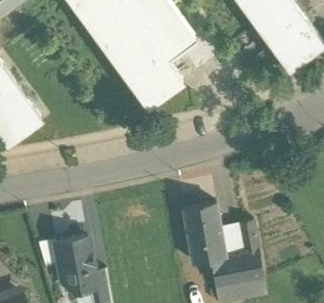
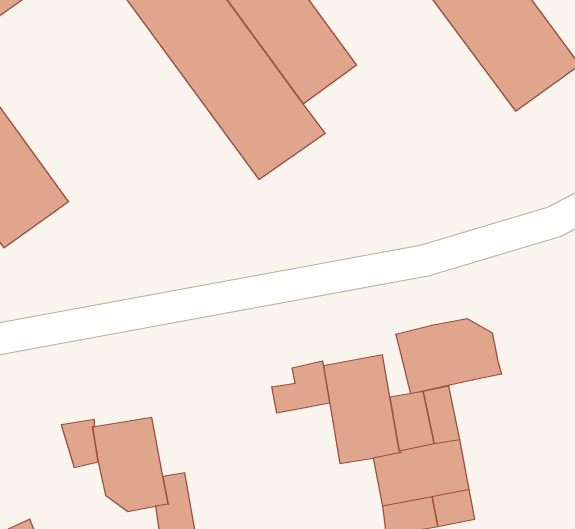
building: none -> [396,319,501,394]
building: none -> [272,361,329,413]

